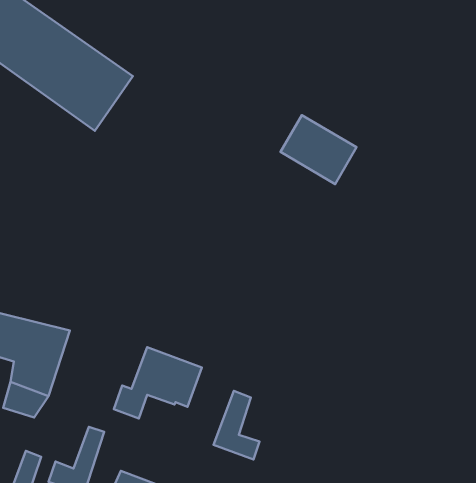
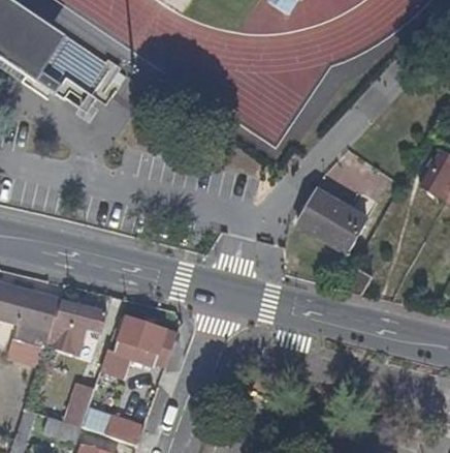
building: [280,115,357,184] -> [300,188,366,248]
building: none -> [52,298,108,350]
building: [214,391,260,459] -> none

